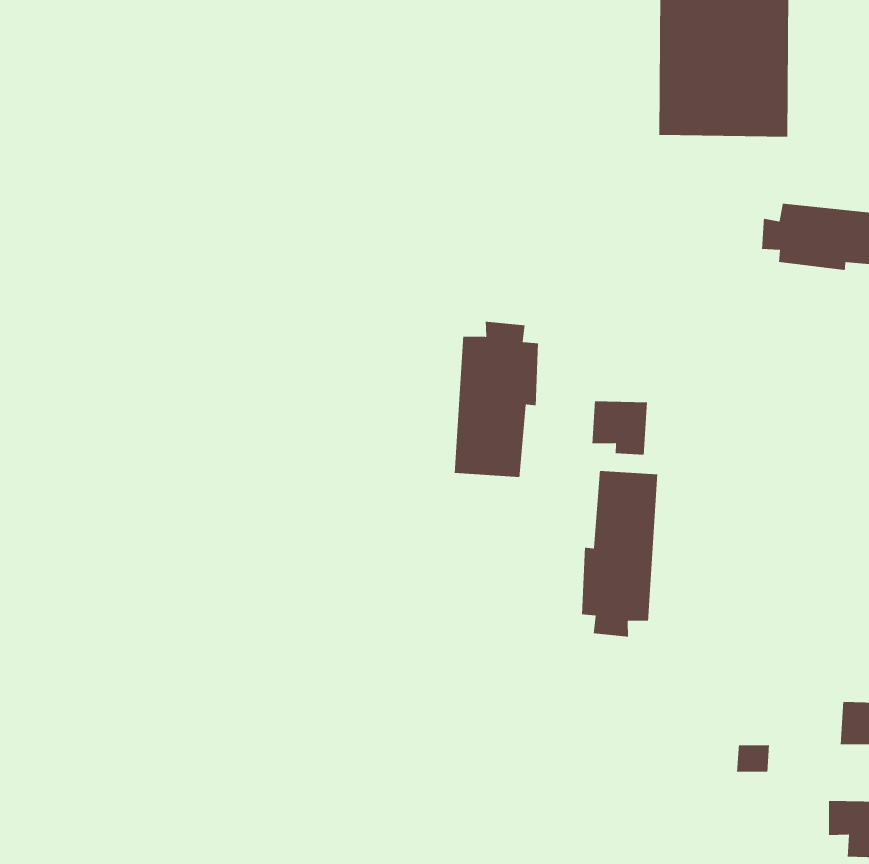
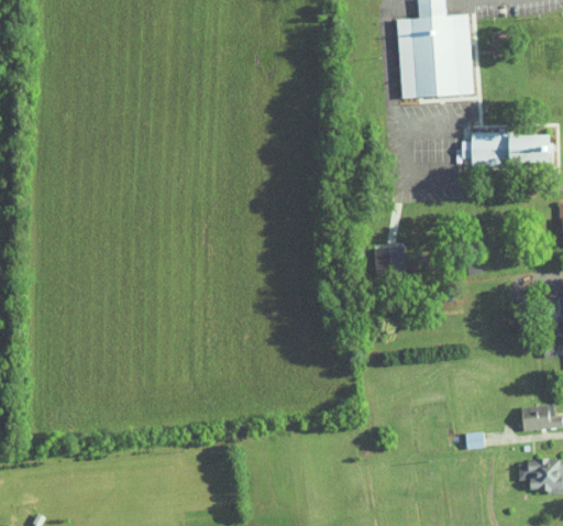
building: [454,321,539,478] -> none
building: [581,470,658,637] -> none

